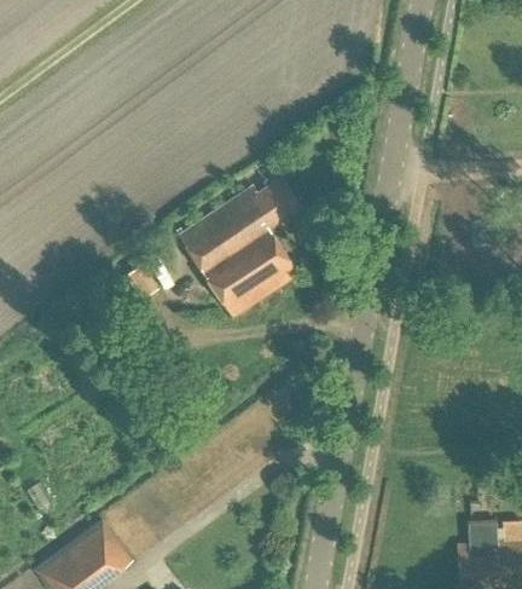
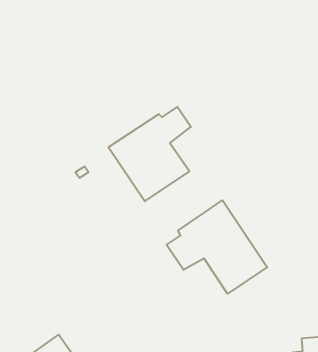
building: none -> [167,200,267,294]

